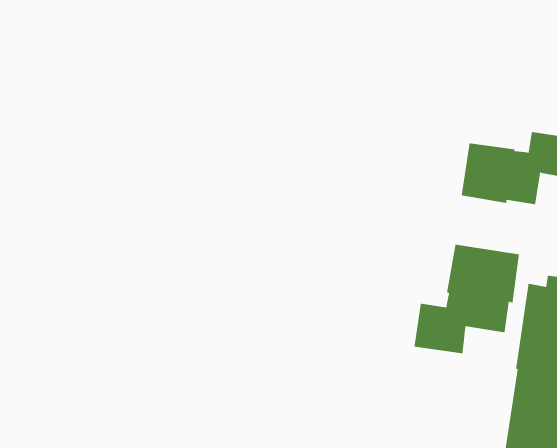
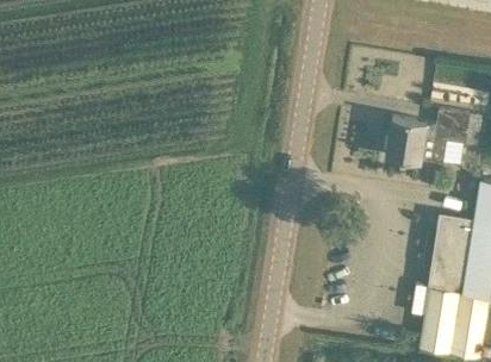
building: [414,244,520,354] -> none

